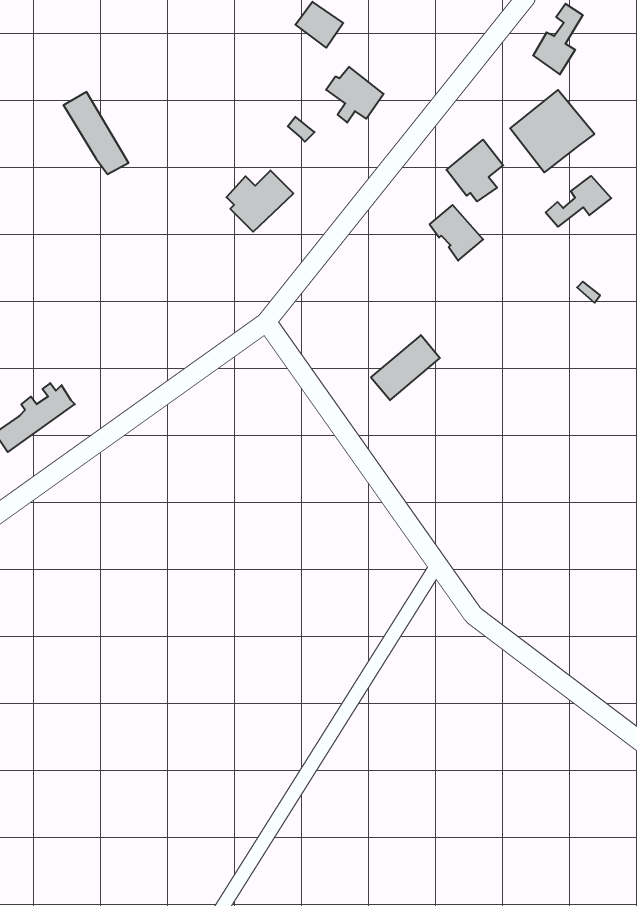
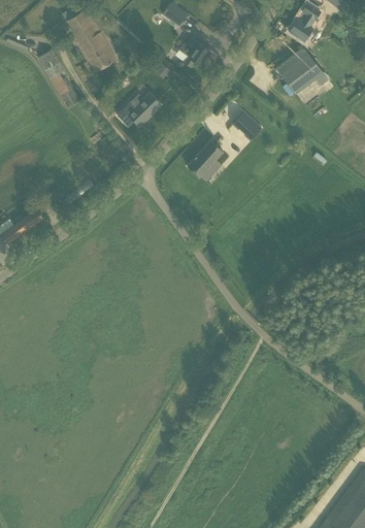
building: none -> [67,10,117,72]
building: [446,140,503,201] -> none
building: [546,176,611,227] -> none
building: [371,335,440,400] -> [182,140,220,175]

